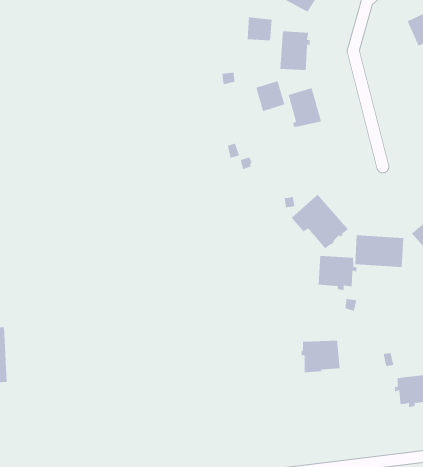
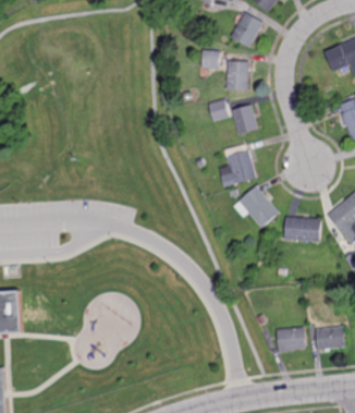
building: none -> [218,145,256,187]
building: [318,255,357,291] -> none
building: [301,340,341,373] -> [276,327,306,352]

